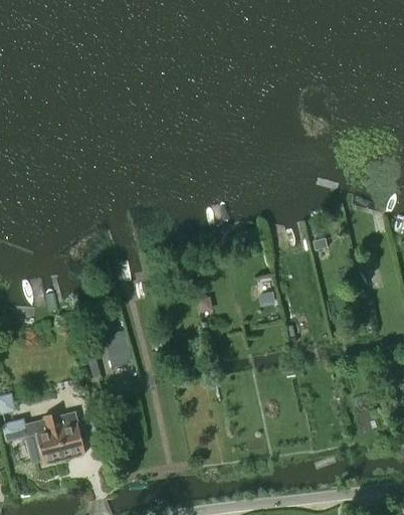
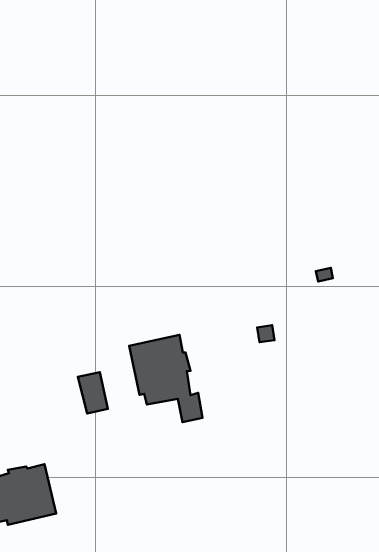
building: none -> [129,335,202,422]

